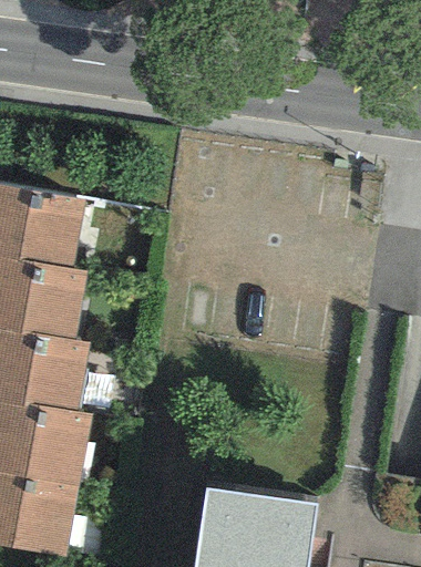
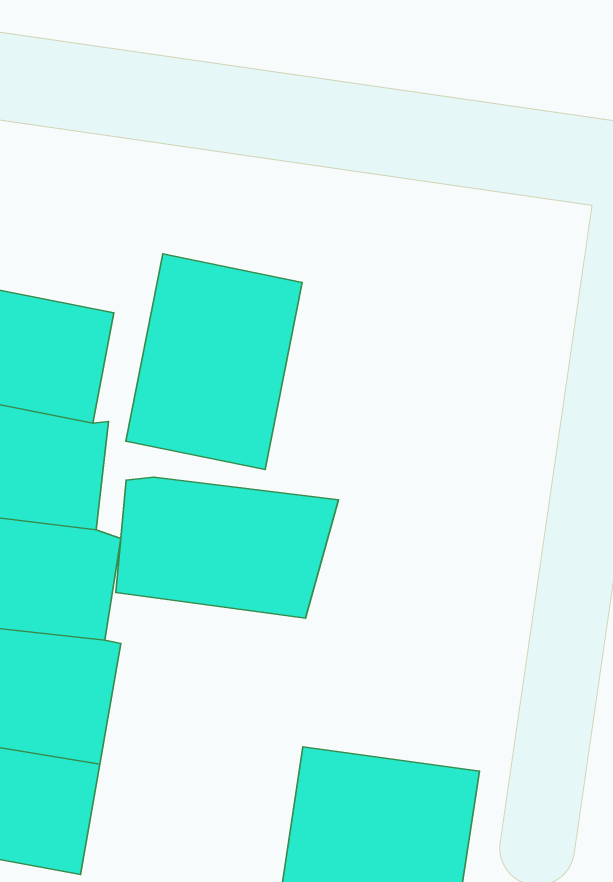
building: none -> [126,254,302,470]
building: none -> [116,477,339,618]

